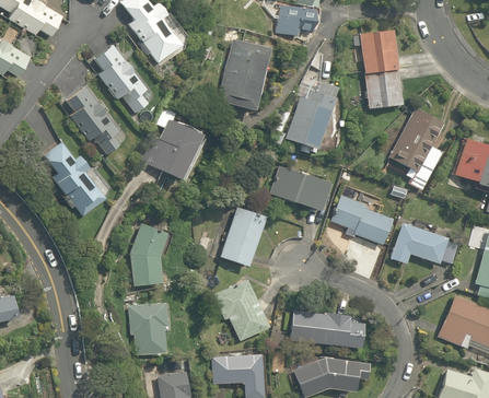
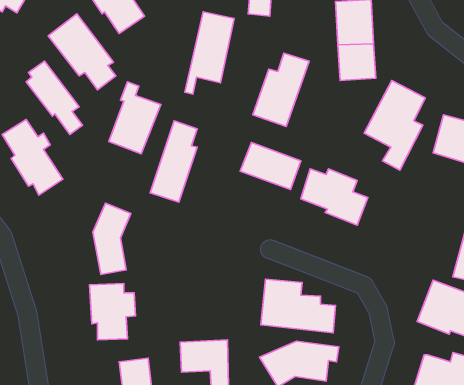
building: [221,187,266,265] -> [150,121,197,202]
building: [389,220,458,265] -> none
building: [212,278,268,337] -> none

